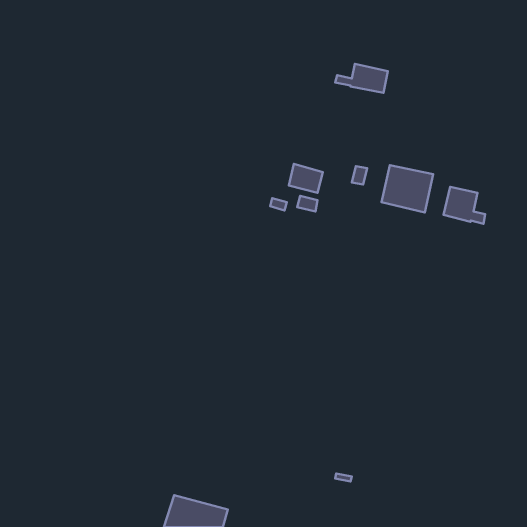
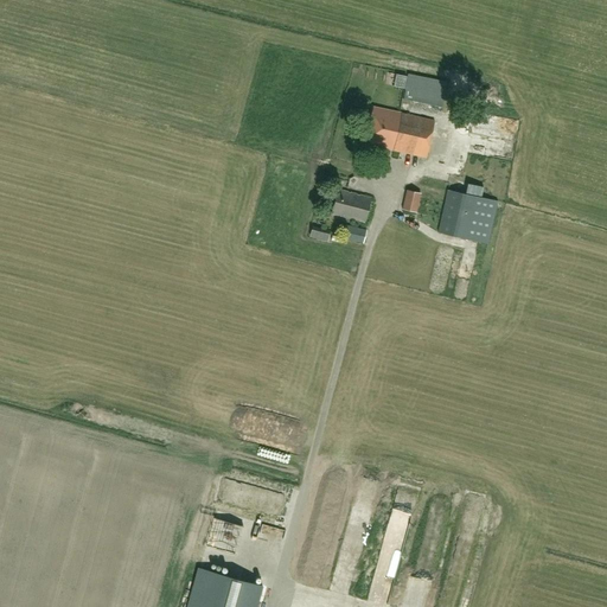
building: none -> [365,108,434,158]
building: [444,187,485,224] -> none

